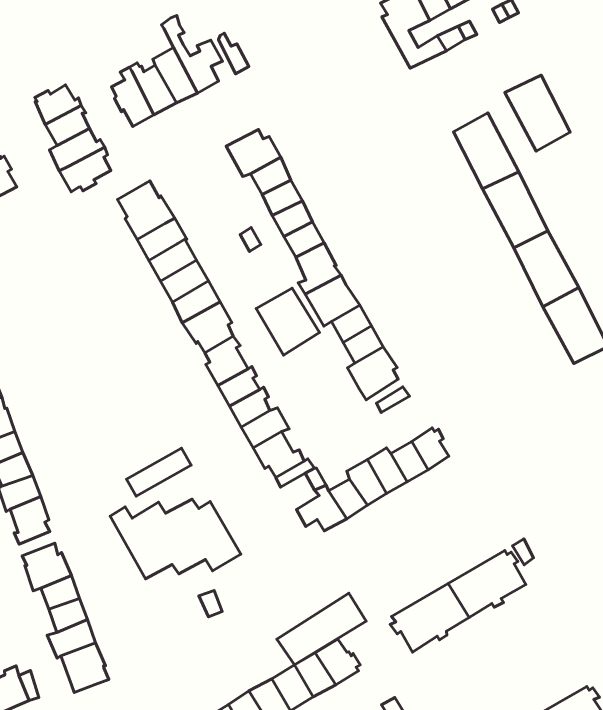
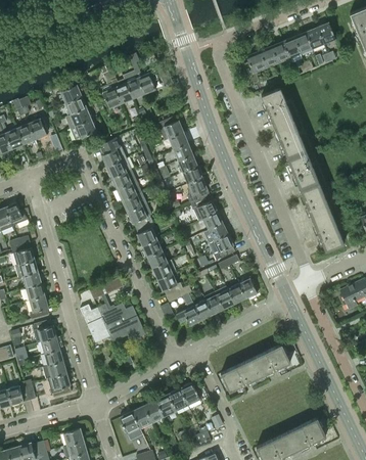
building: [505,75,570,151] -> [261,88,292,127]
building: [256,288,319,355] -> none
building: [277,593,366,665] -> none

